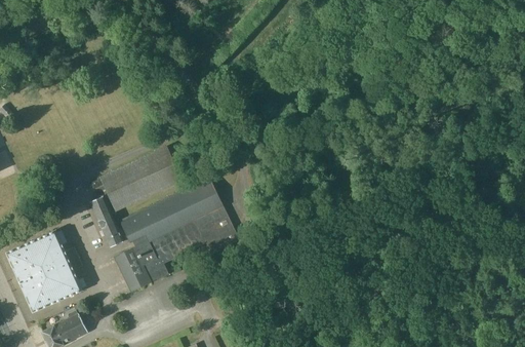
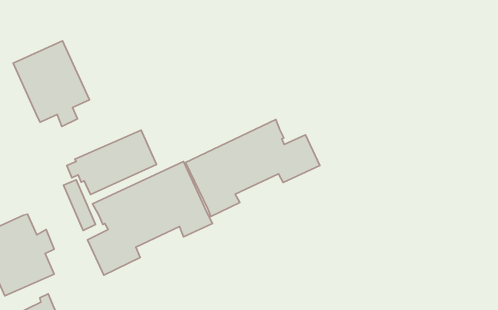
building: none -> [13,41,90,127]
building: none -> [185,119,320,216]

